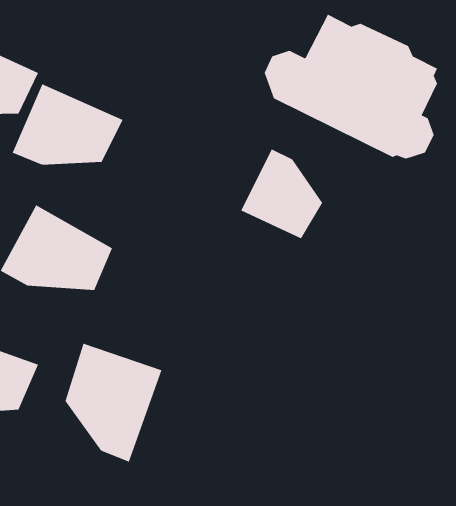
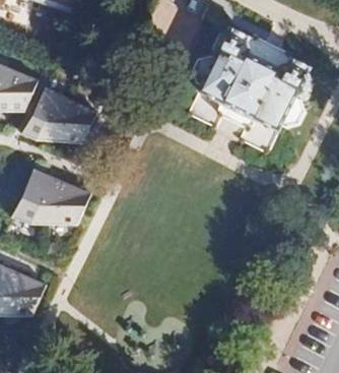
building: [241,149,323,239] -> none
building: [65,343,162,462] -> none

